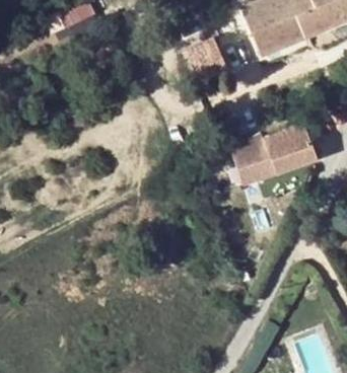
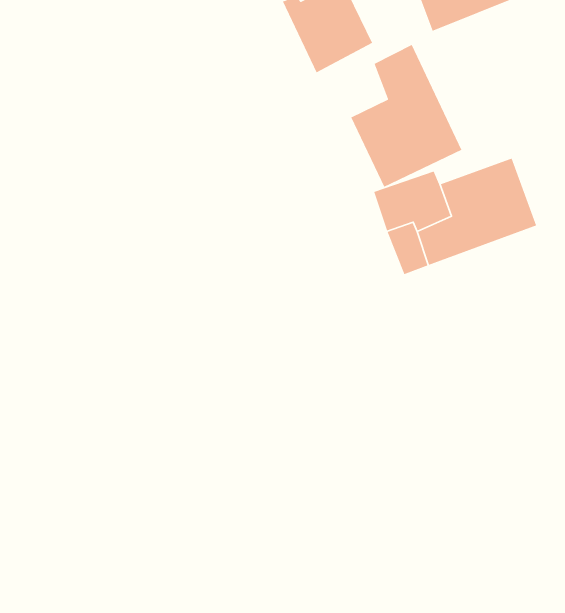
building: none -> [350,44,463,188]

